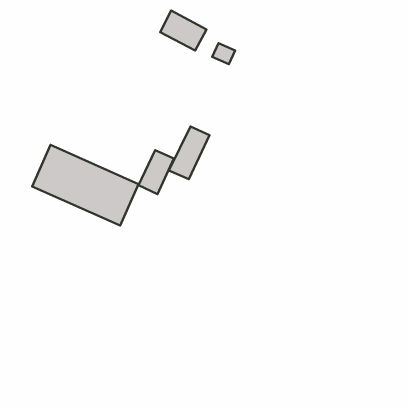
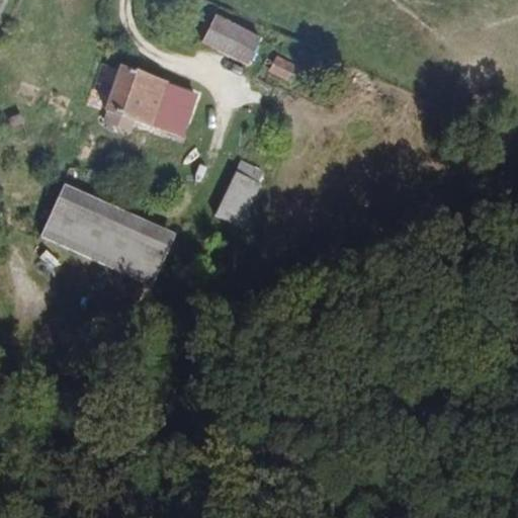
building: none -> [100,64,198,138]
building: [138,150,174,194] -> none

